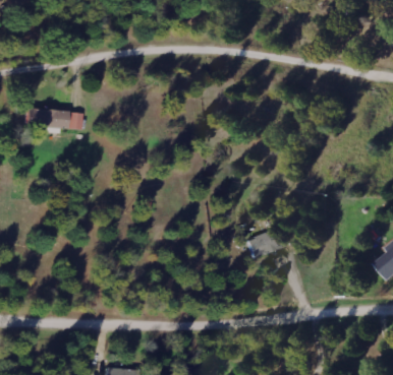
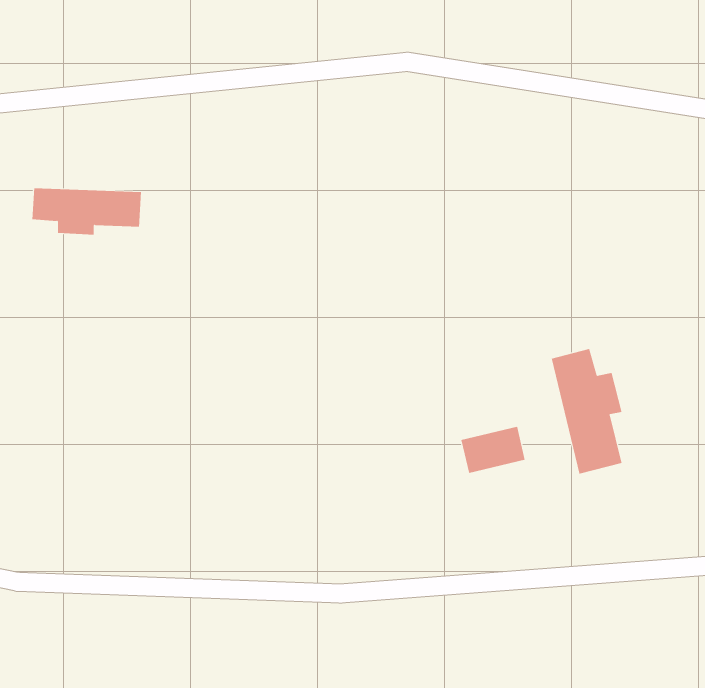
building: none -> [551,348,622,475]

